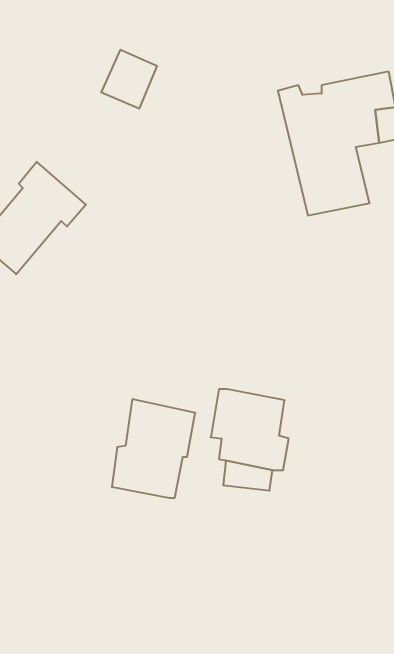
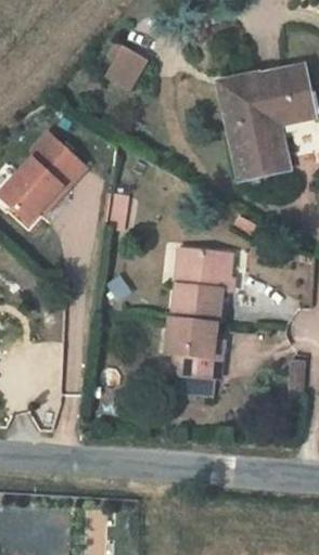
building: [112,399,195,498] -> [182,245,248,323]

